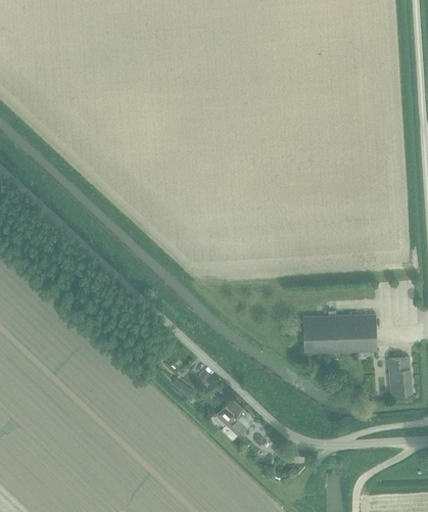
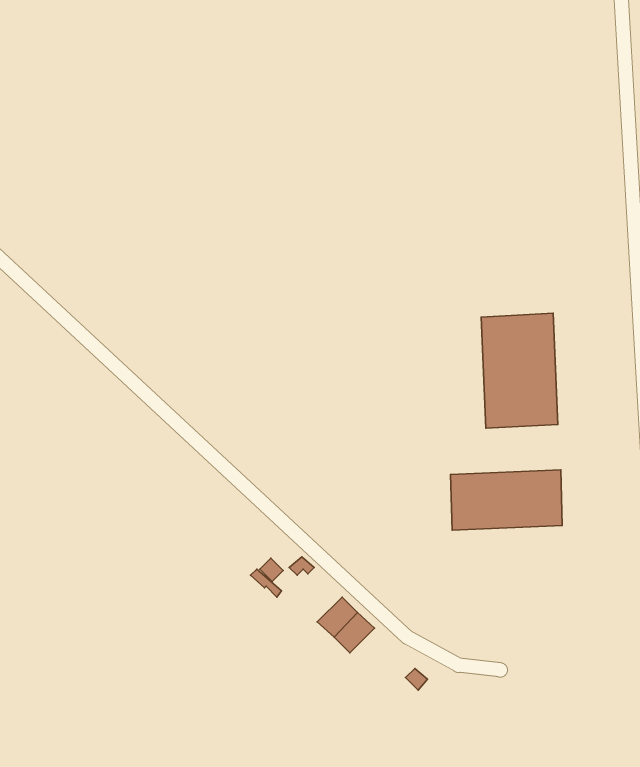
building: none -> [481,313,558,428]
building: [387,358,412,394] -> none

